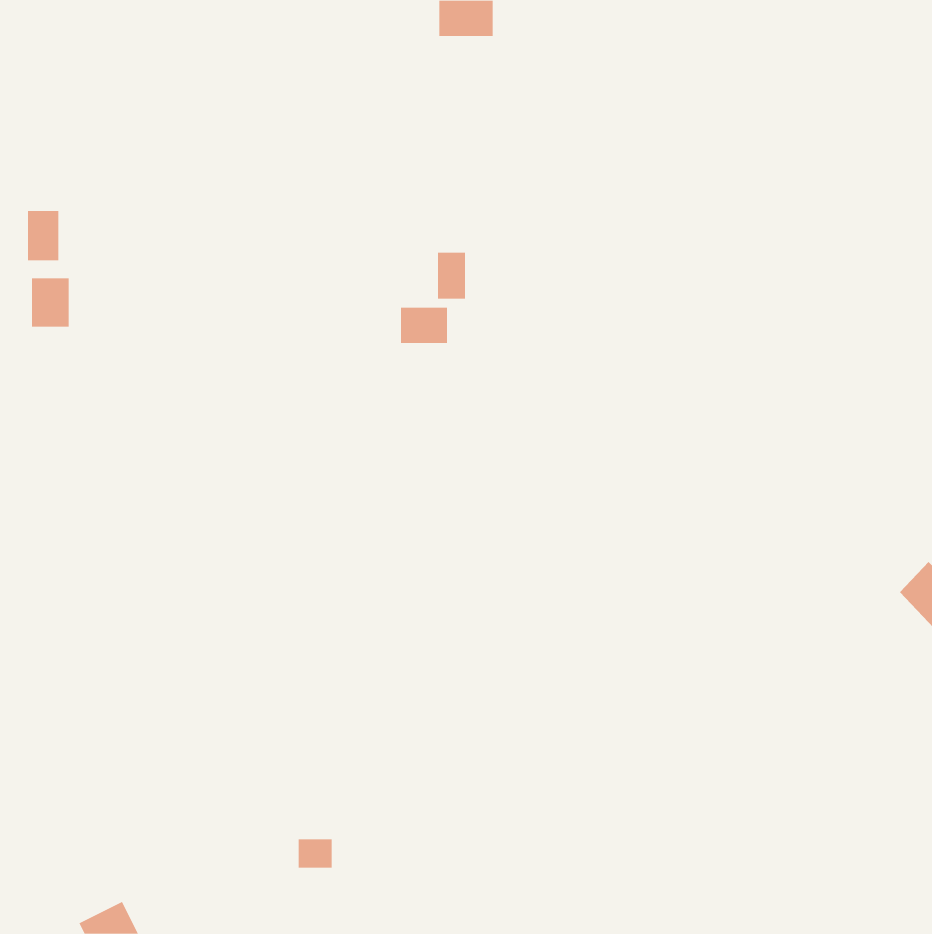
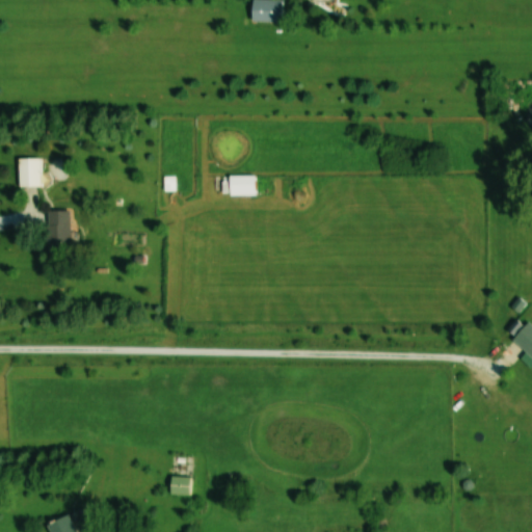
building: [28,210,59,261] -> none
building: [437,252,465,299] -> none
building: none -> [47,210,71,252]

